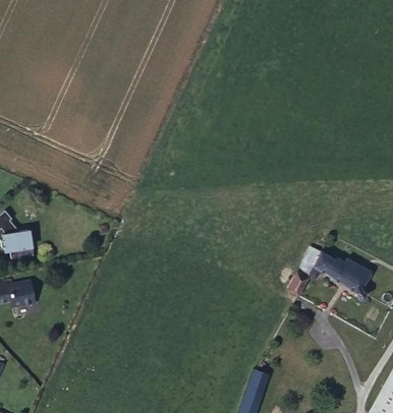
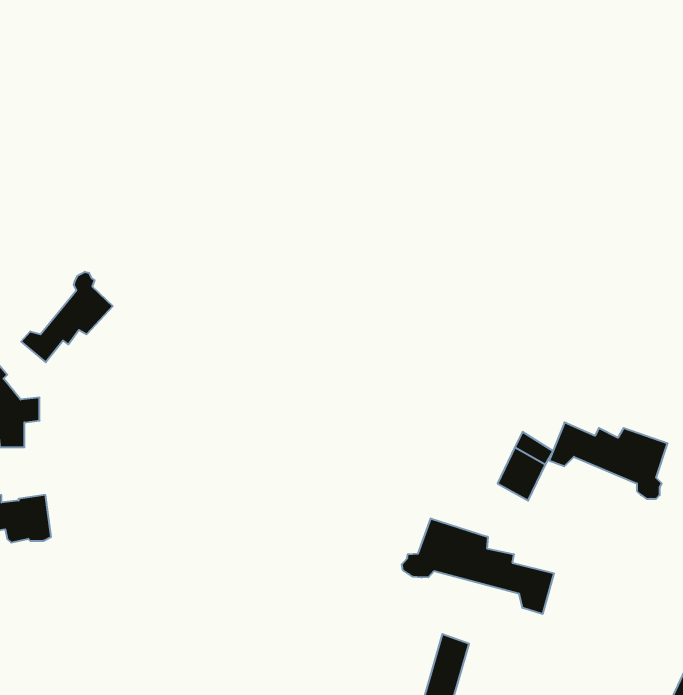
building: none -> [21,272,113,362]
building: none -> [402,518,554,614]

